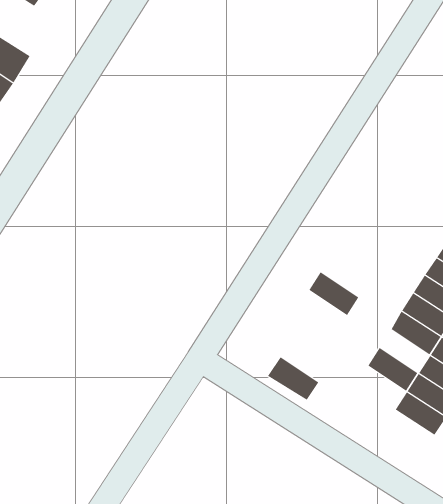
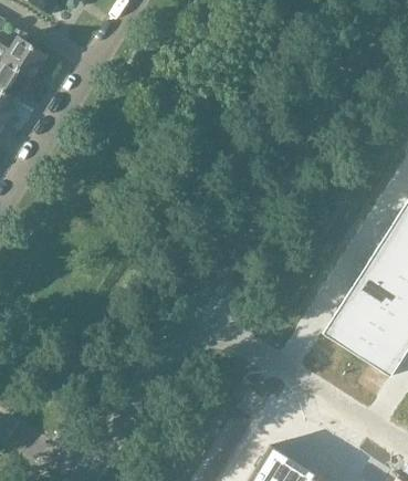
building: [308,272,359,316] -> [345,286,388,324]
building: [267,356,319,401] -> [324,317,368,355]

